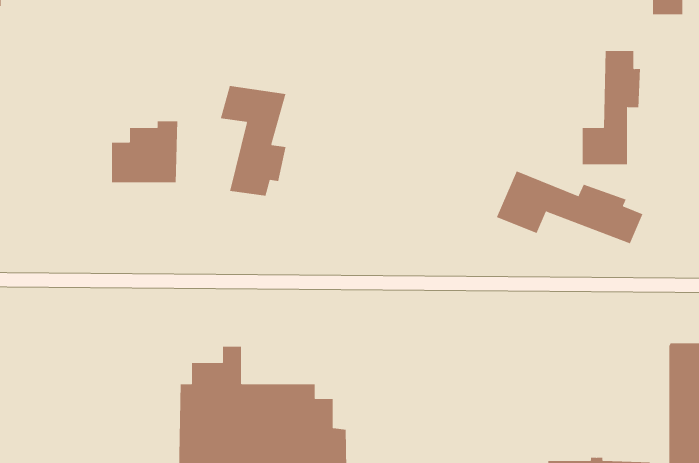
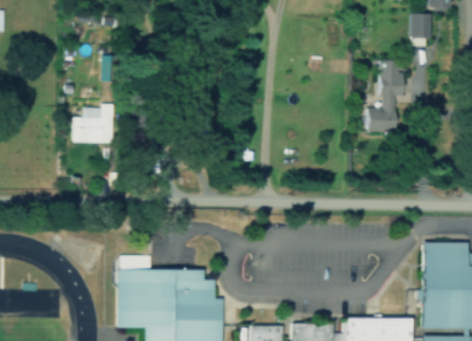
building: [220,85,286,197] -> none
building: [496,170,643,244] -> none

